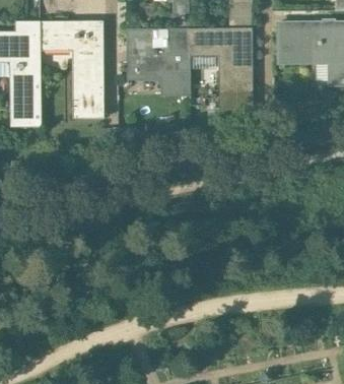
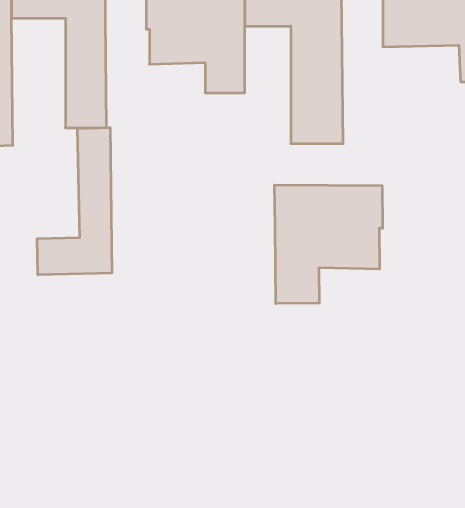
building: none -> [37,128,112,275]
building: none -> [275,185,383,304]

